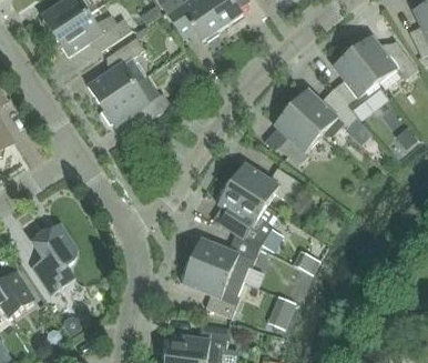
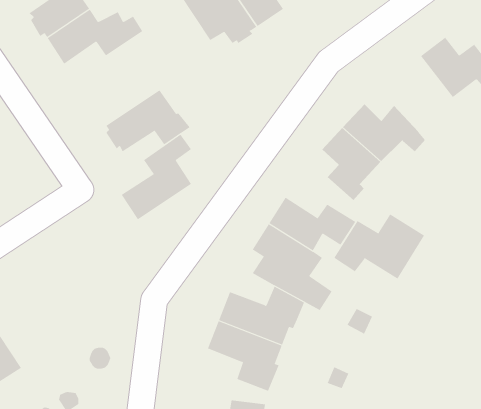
building: [88,37,144,105] -> [121,134,192,220]
building: [330,50,377,110] -> none
building: none -> [333,213,425,279]
building: [32,223,75,294] -> none

